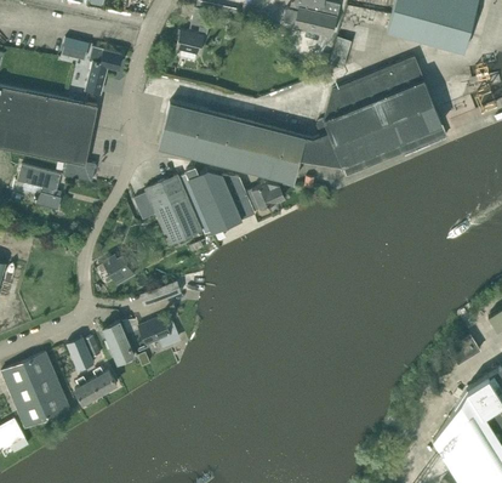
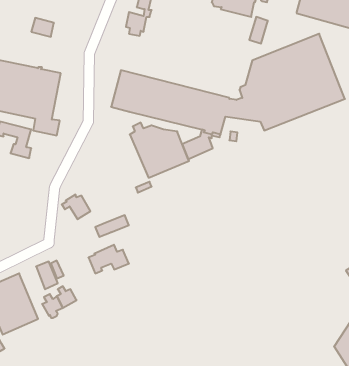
building: [85,46,121,95] -> none
building: [135,176,201,245] -> none
building: [103,322,135,363] -> none

